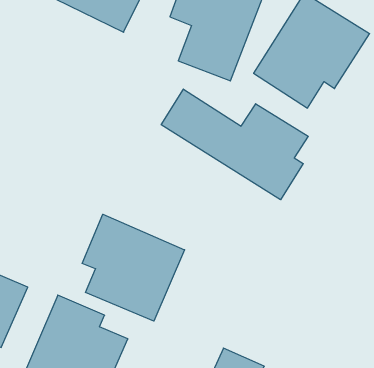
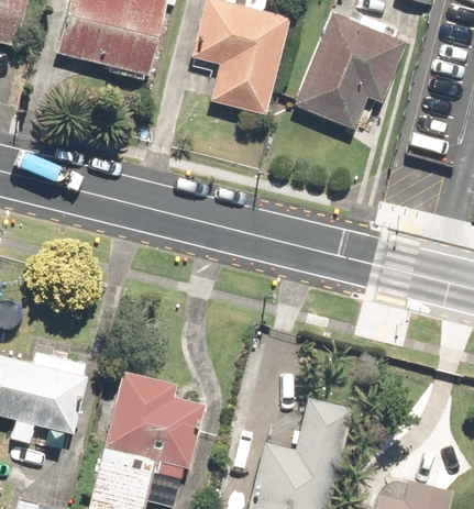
building: [161,89,308,200] -> none
building: [82,214,185,321] -> none

